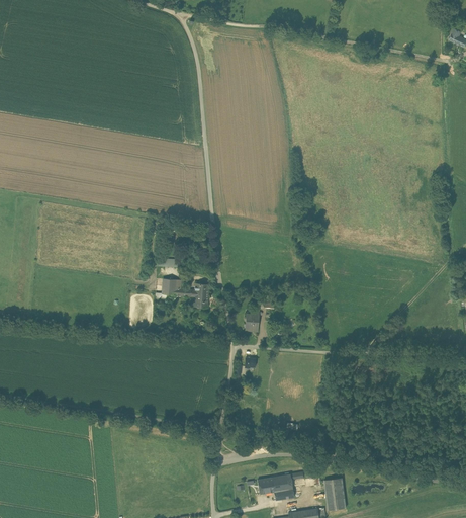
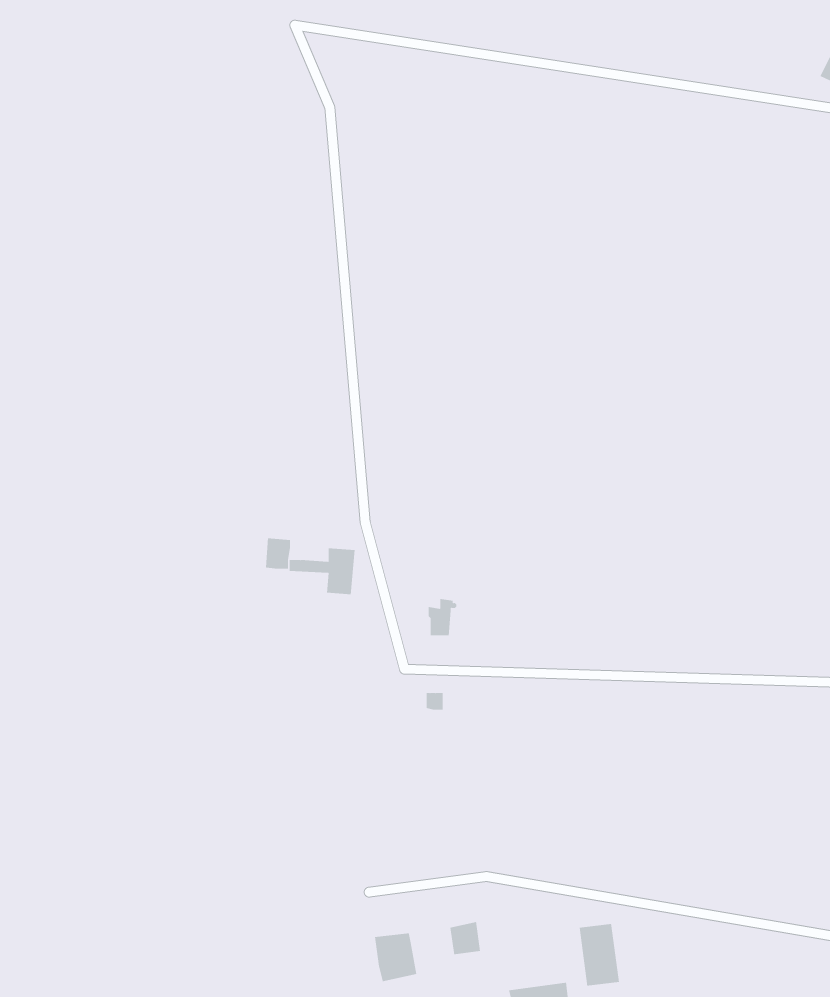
building: [271,474,293,500] -> [374,933,417,982]

